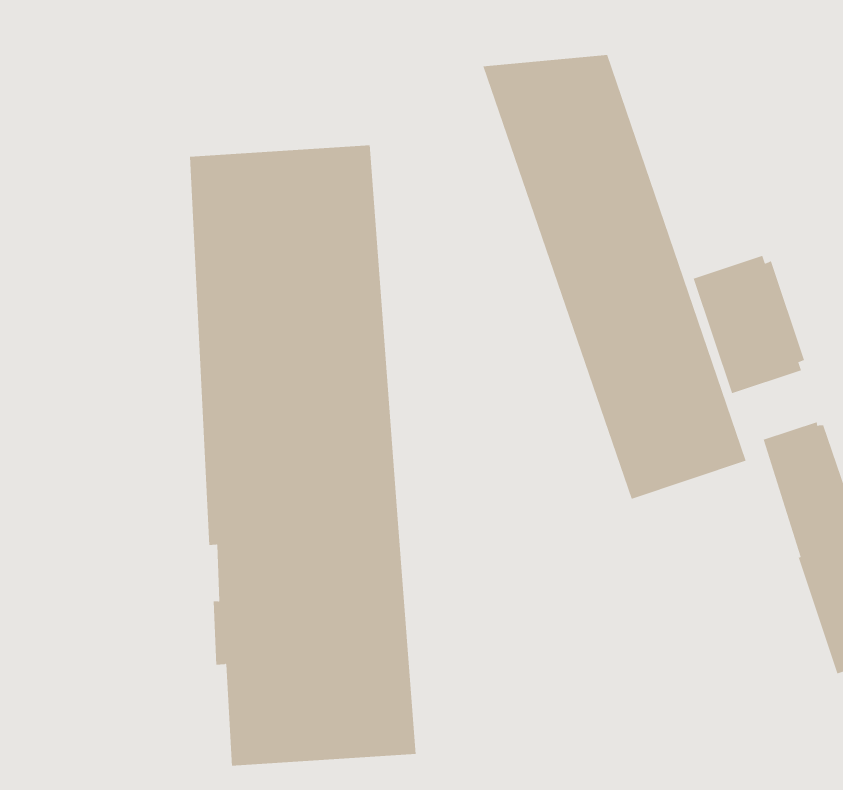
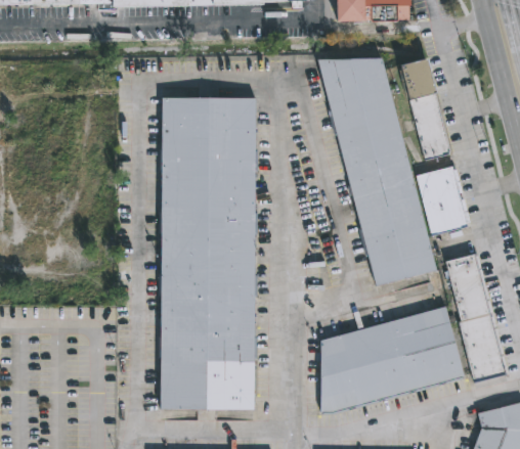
building: none -> [398,57,451,164]
building: none -> [324,307,469,413]

